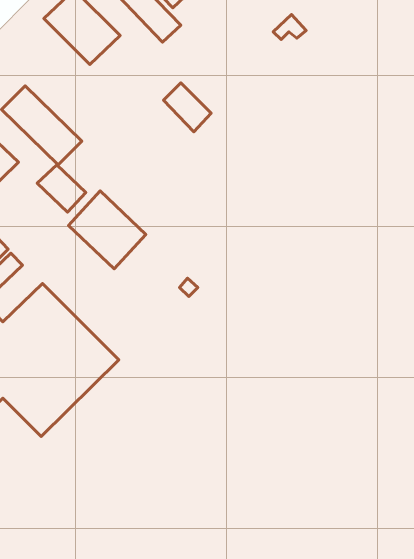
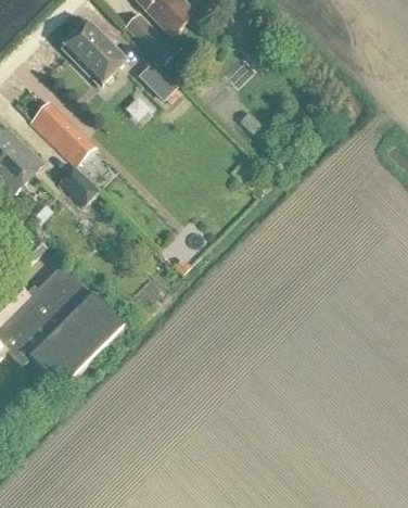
building: [164,83,211,132] -> [138,59,177,99]
building: [69,191,146,269] -> none

